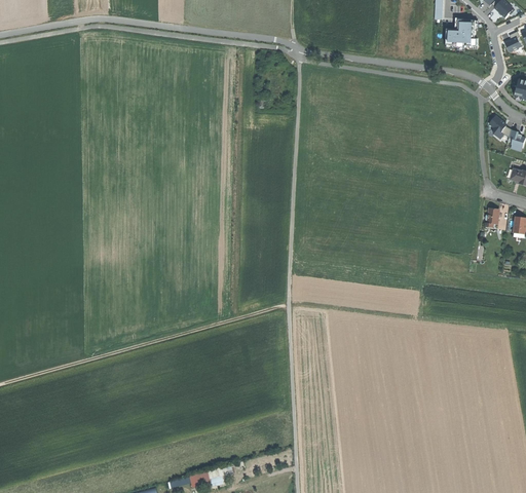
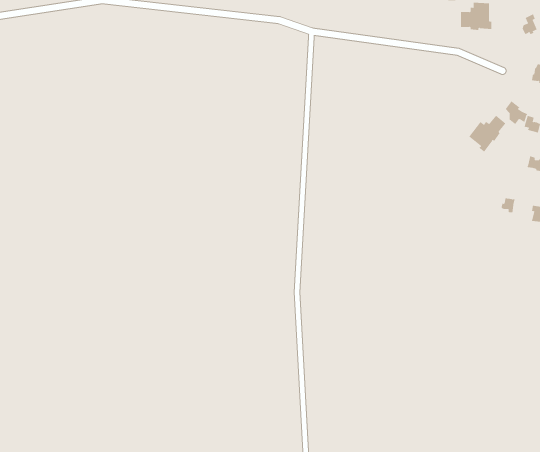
building: none -> [469,115,506,153]

